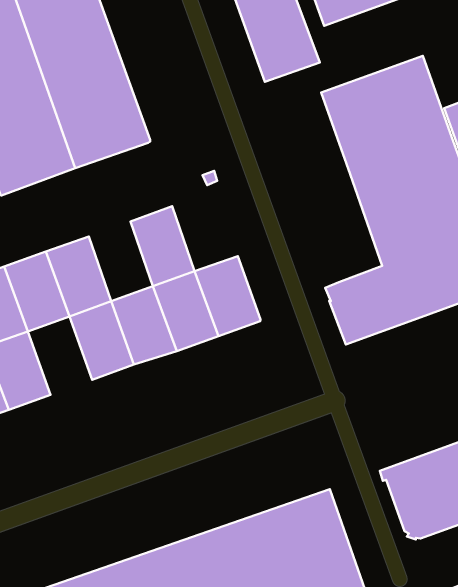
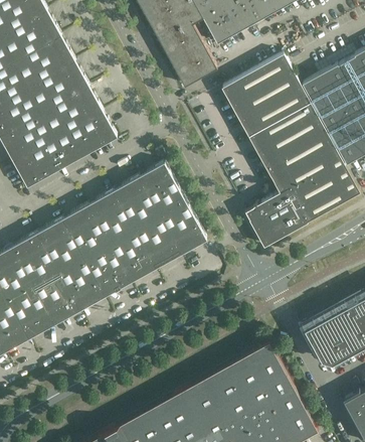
building: none -> [138,163,185,215]
building: none -> [87,190,134,244]
building: none -> [58,258,105,310]

